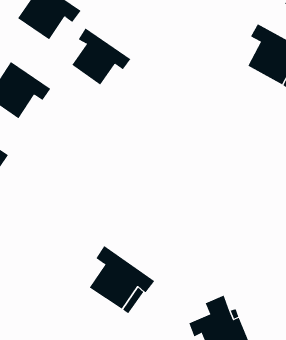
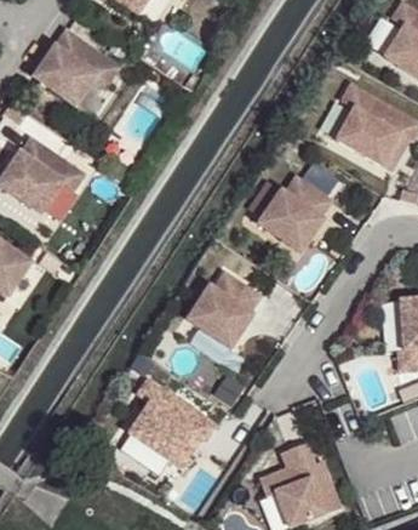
building: [71,28,131,85] -> none
building: none -> [260,177,333,253]
building: none -> [194,272,265,347]

